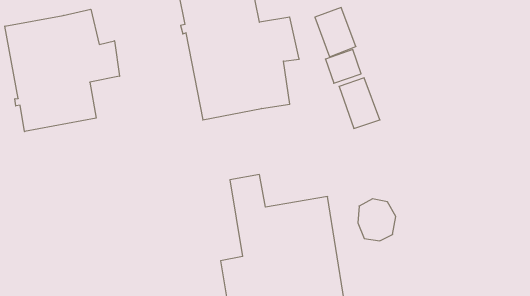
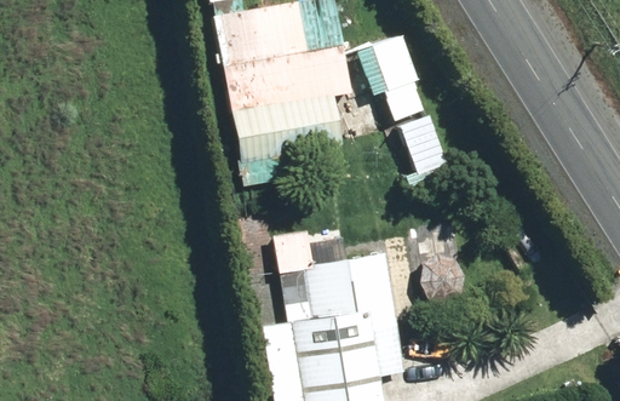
building: [5,9,120,132] -> none

